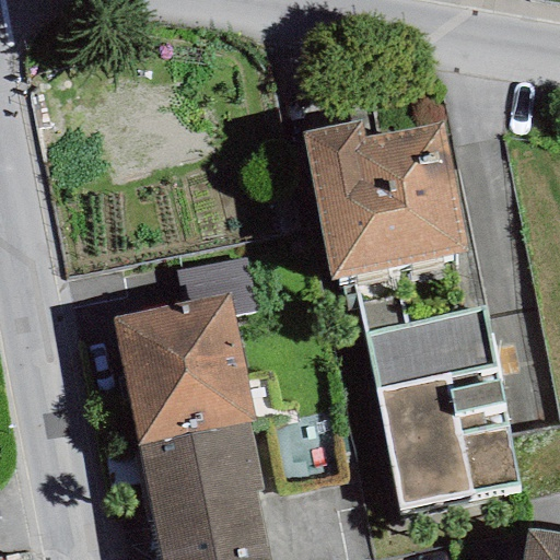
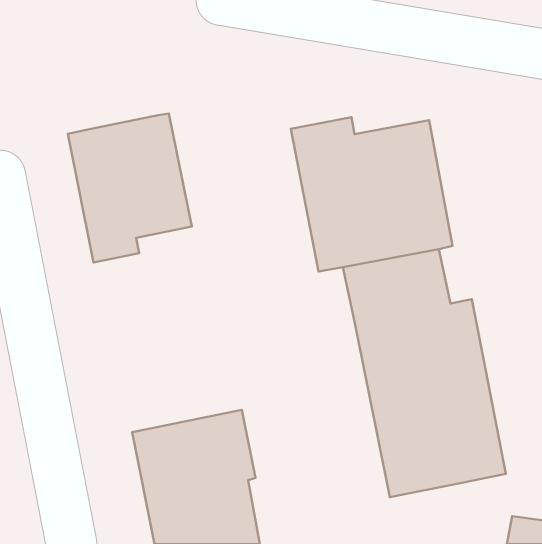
building: none -> [68,113,192,262]
building: [113,294,256,444] -> none

